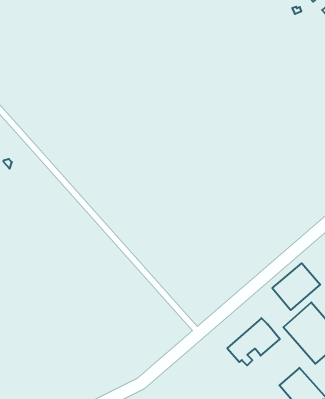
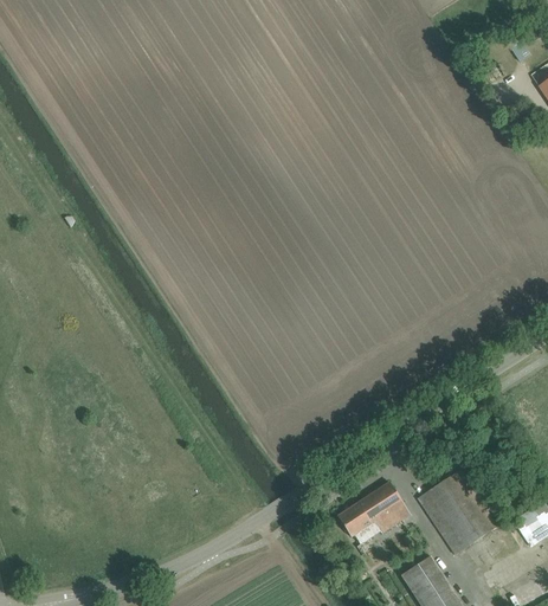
building: [272,263,320,310] -> none

